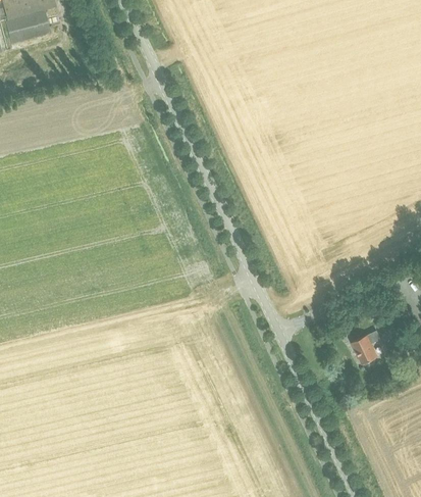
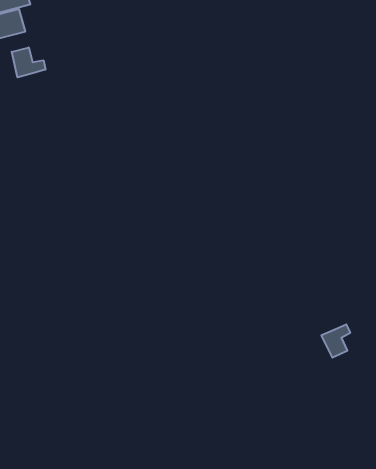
building: none -> [12,47,45,77]

